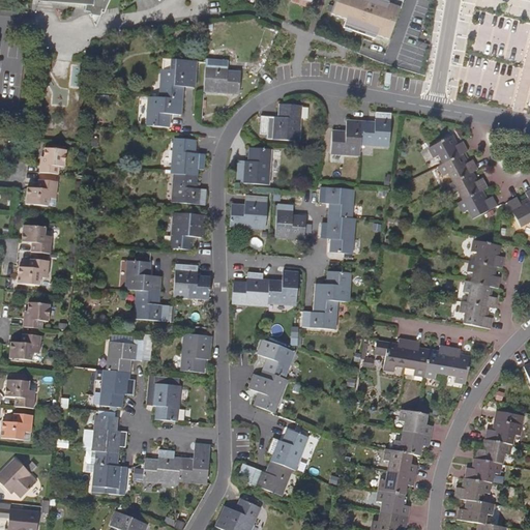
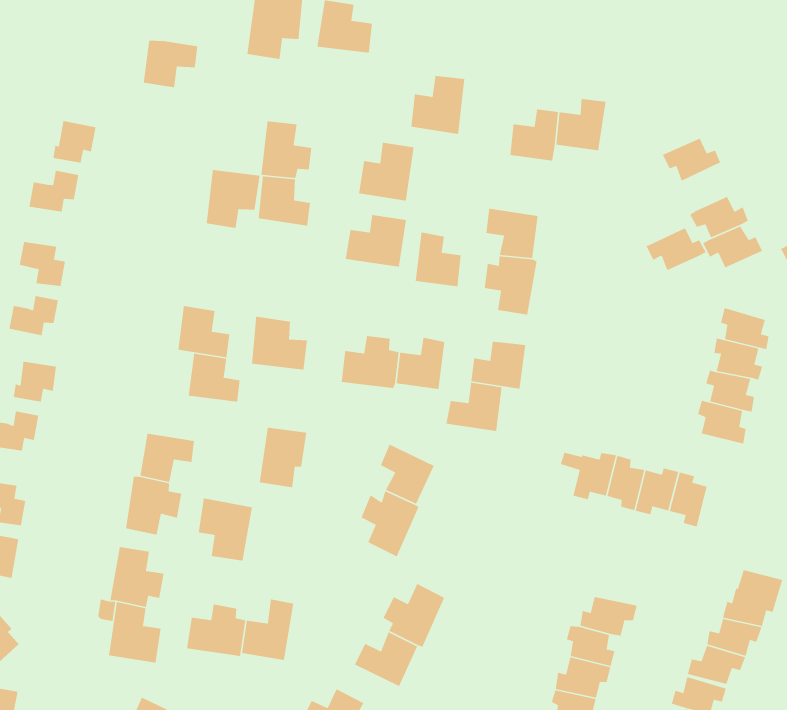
building: [147,97,181,127] -> [143,40,198,88]
building: [438,151,477,180] -> [646,227,707,271]
building: [172,213,205,251] -> [206,169,260,229]
building: [399,409,431,435] -> none

